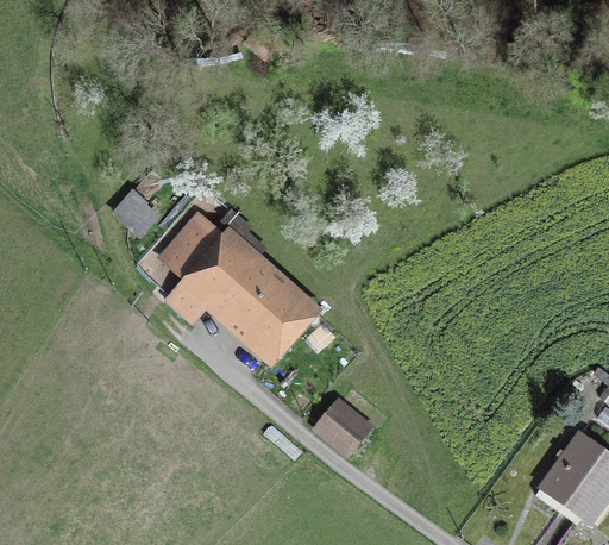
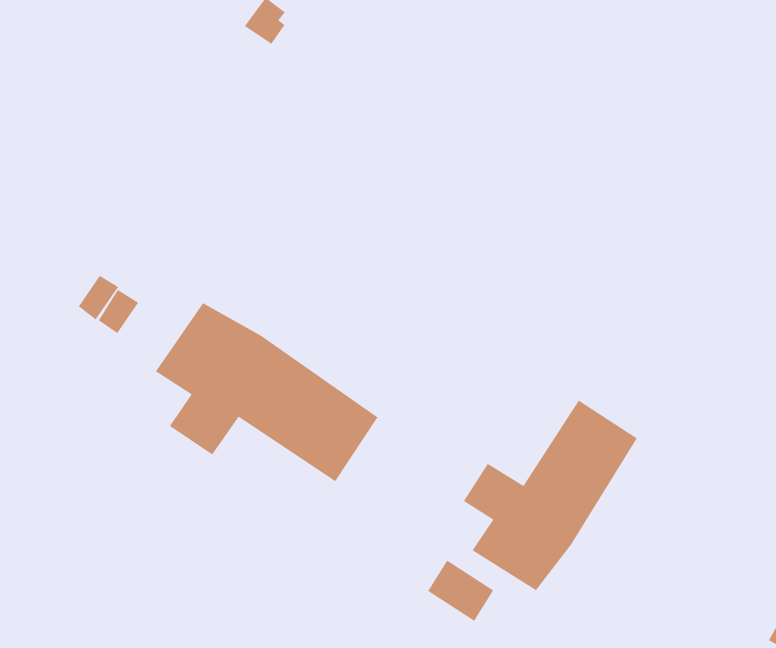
building: none -> [463,399,638,591]

